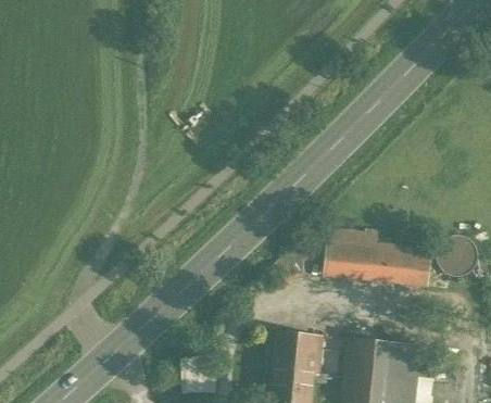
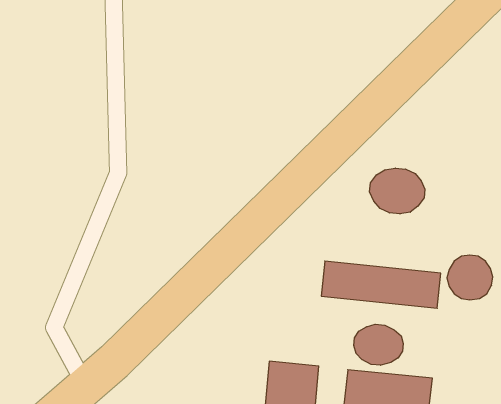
building: none -> [369,168,425,214]
building: none -> [354,324,403,365]

